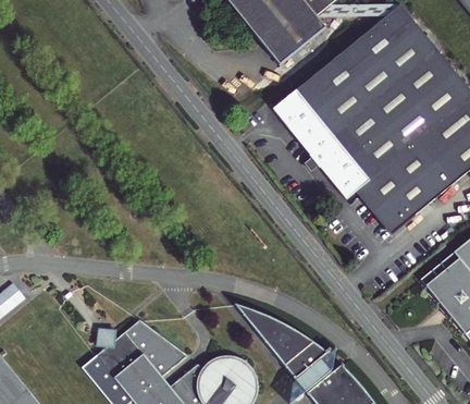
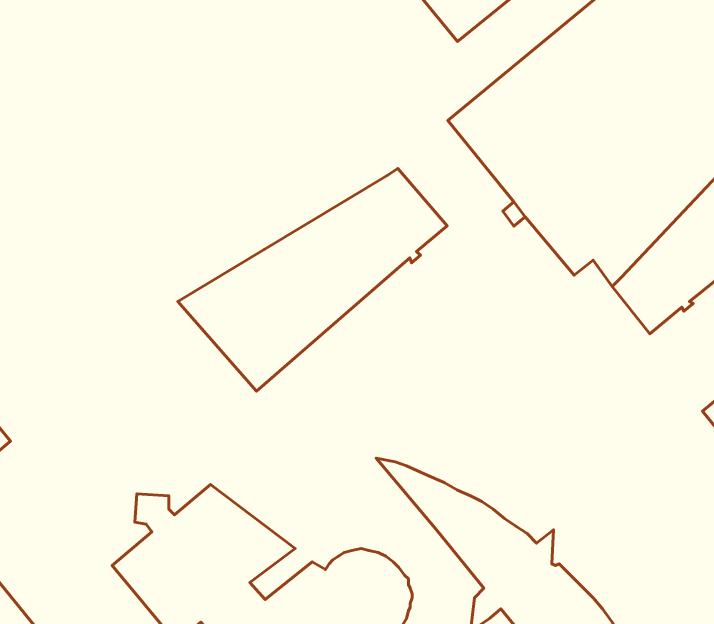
building: none -> [178,169,447,391]

